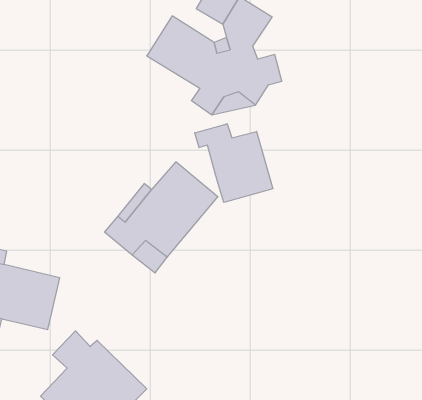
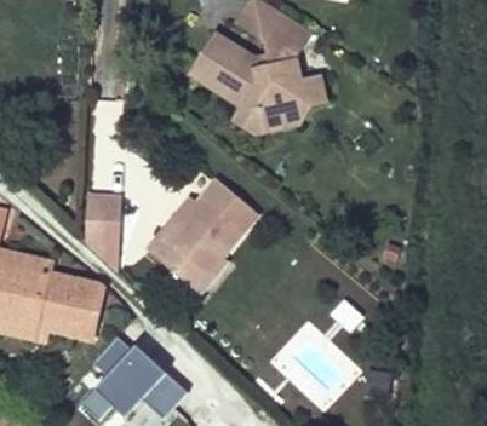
building: [195,124,273,202] -> none
building: none -> [88,200,121,276]

